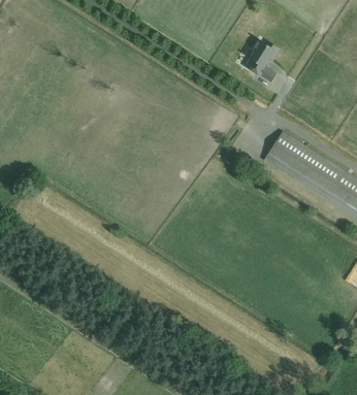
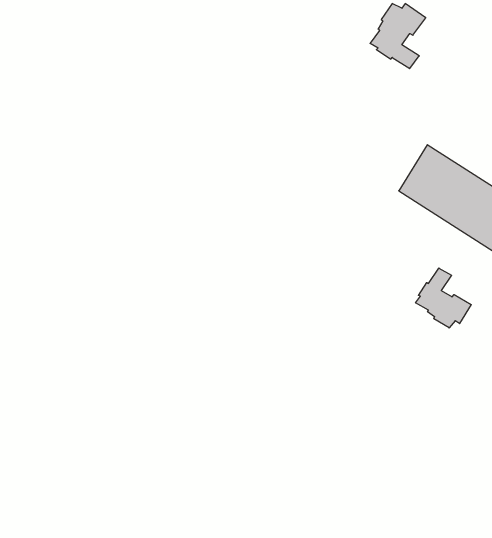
building: none -> [416,268,471,328]

